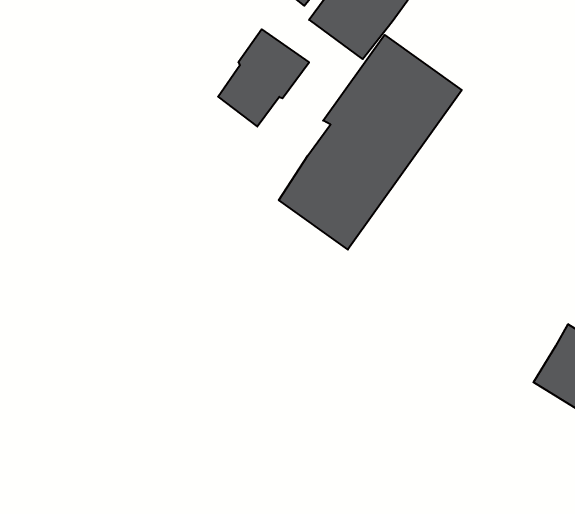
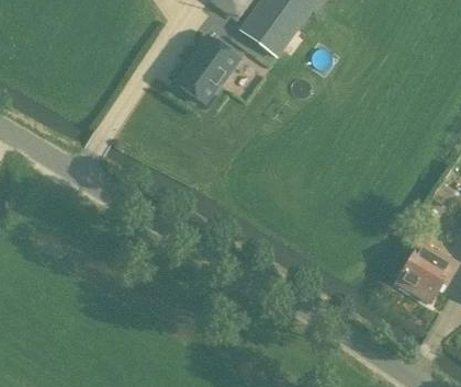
building: [279,35,462,250] -> none

